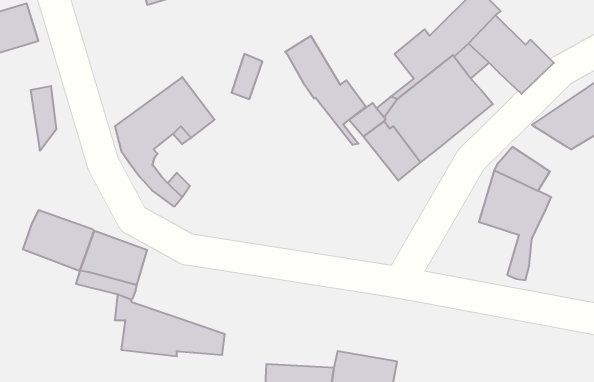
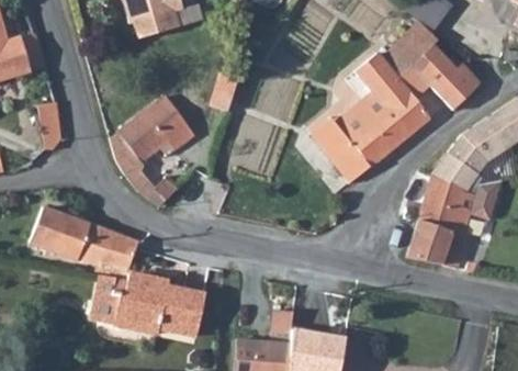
building: [285,36,366,145] -> none
building: none -> [447,136,493,176]
building: none -> [407,218,452,263]
building: none -> [124,278,205,314]

